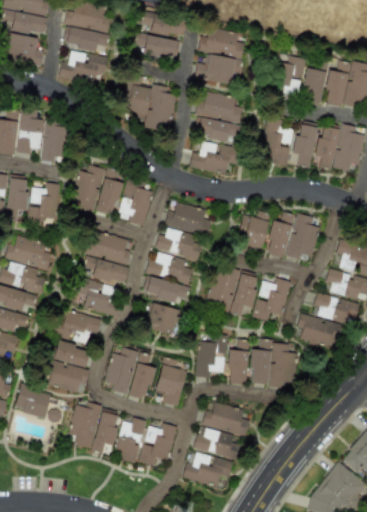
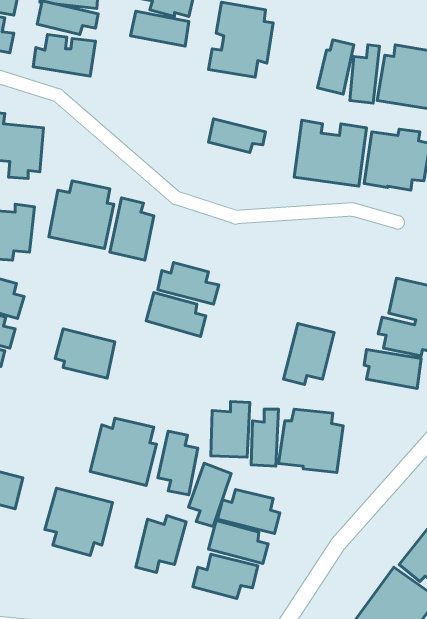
building: [123,74,176,132] -> none
building: [196,92,242,122] -> none
building: [190,140,239,174] -> none
building: [165,202,212,236] -> none
building: [267,210,320,259] -> none
building: [236,214,269,253] -> none
building: [82,232,134,283] -> none
building: [207,264,260,316] -> none
building: [143,274,191,303] -> none
building: [145,302,180,335] -> none
building: [54,308,102,344] -> none
building: [298,314,344,349] -> none
building: [46,341,92,393] -> none
building: [115,414,148,463] -> [189,463,231,527]

